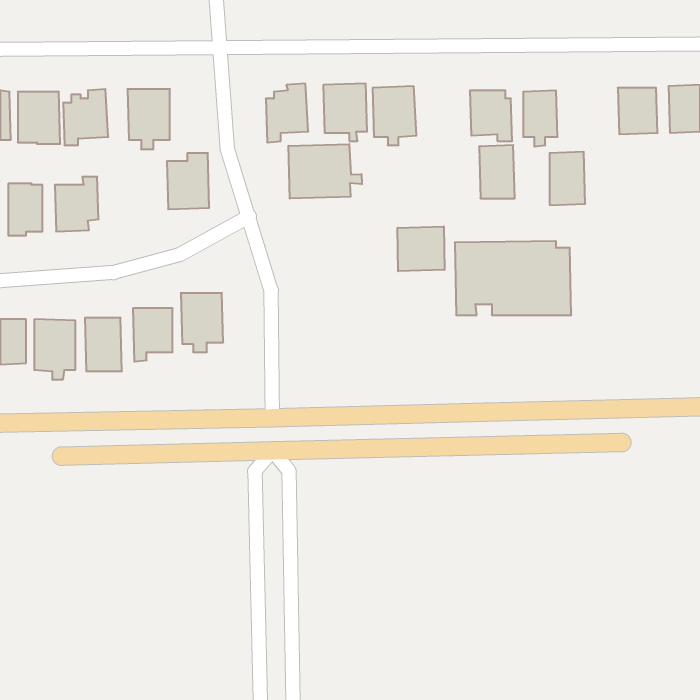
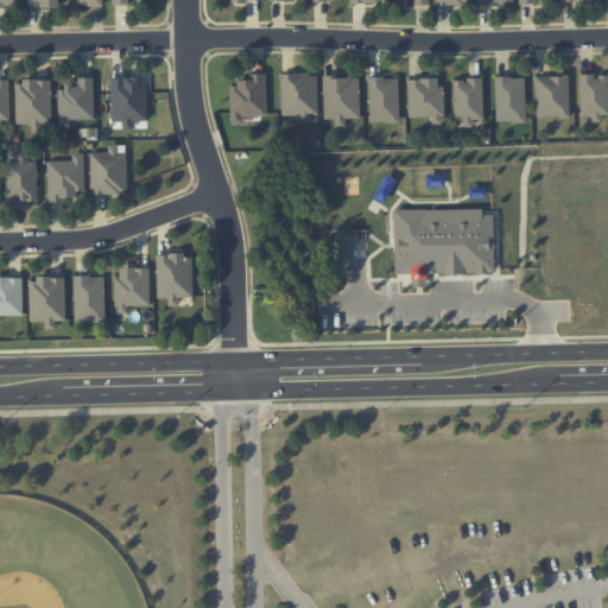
building: [288,144,362,199] -> none
building: [479,145,515,198] -> [368,76,399,122]
building: [550,152,585,205] -> [495,76,526,122]
building: [167,153,209,209] -> [90,145,127,194]
building: [398,226,444,271] -> none

